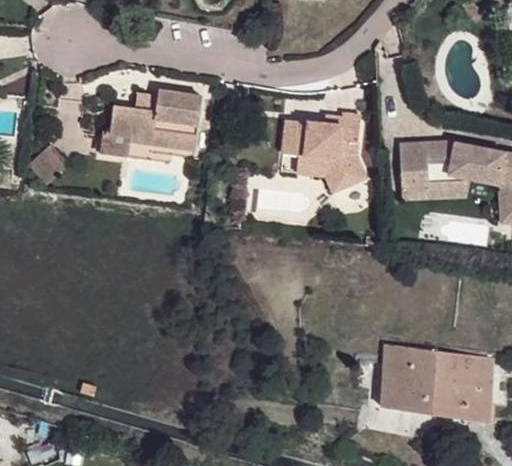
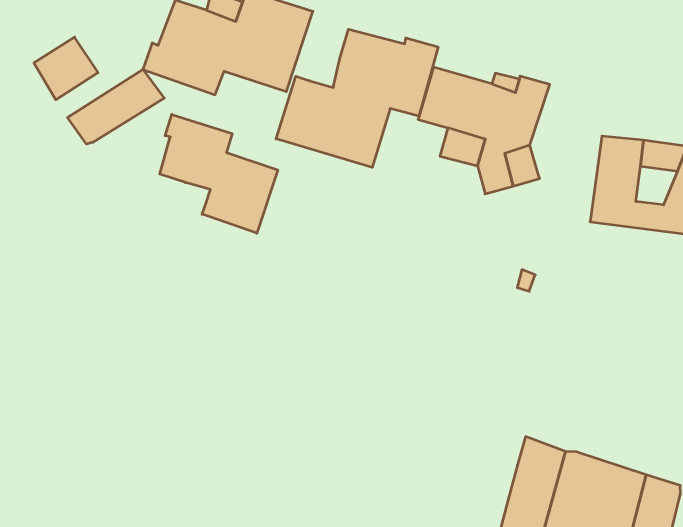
building: none -> [276,29,438,167]
building: none -> [68,69,164,144]
building: none -> [160,114,278,233]

